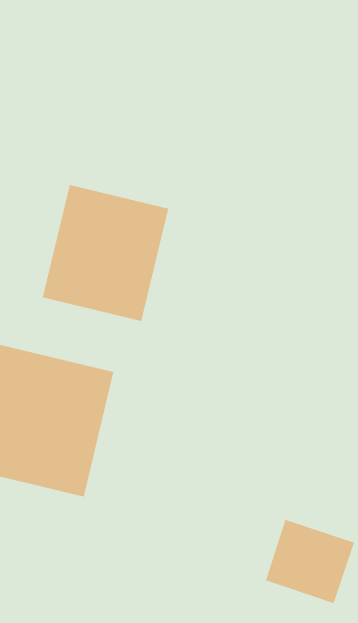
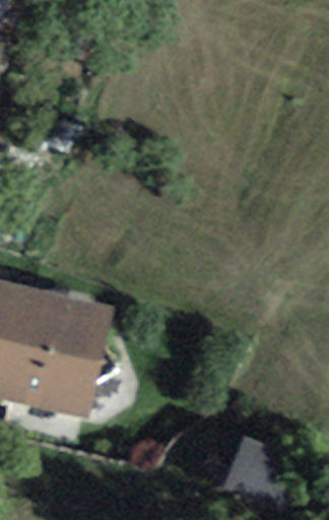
building: [42,184,169,322] -> none

